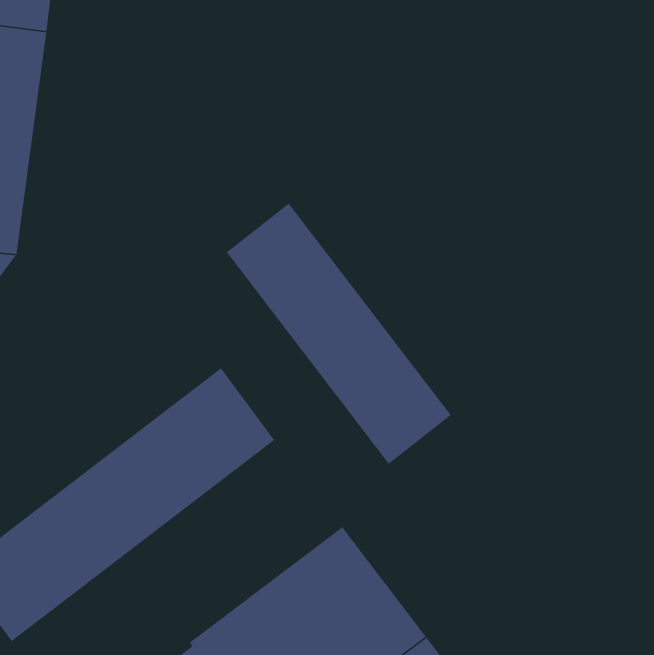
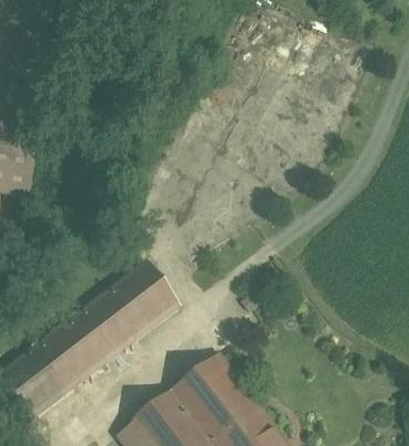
building: [226,202,452,465] -> none

